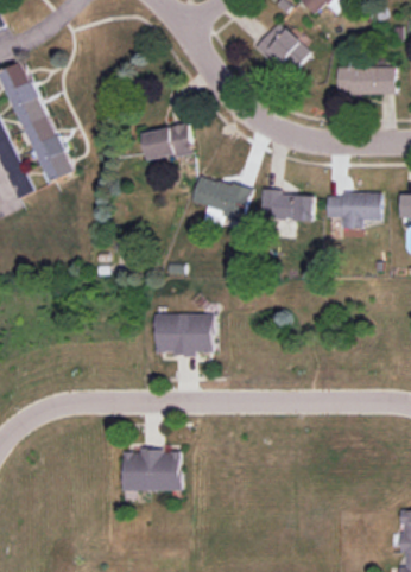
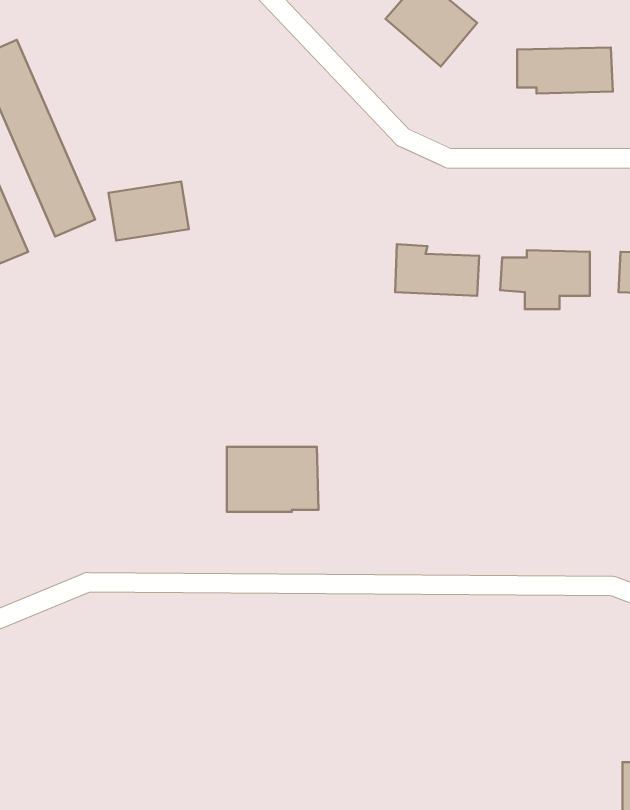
building: [141,123,191,160] -> [109,181,189,241]
building: [190,174,248,229] -> none
building: [121,450,179,490] -> none

